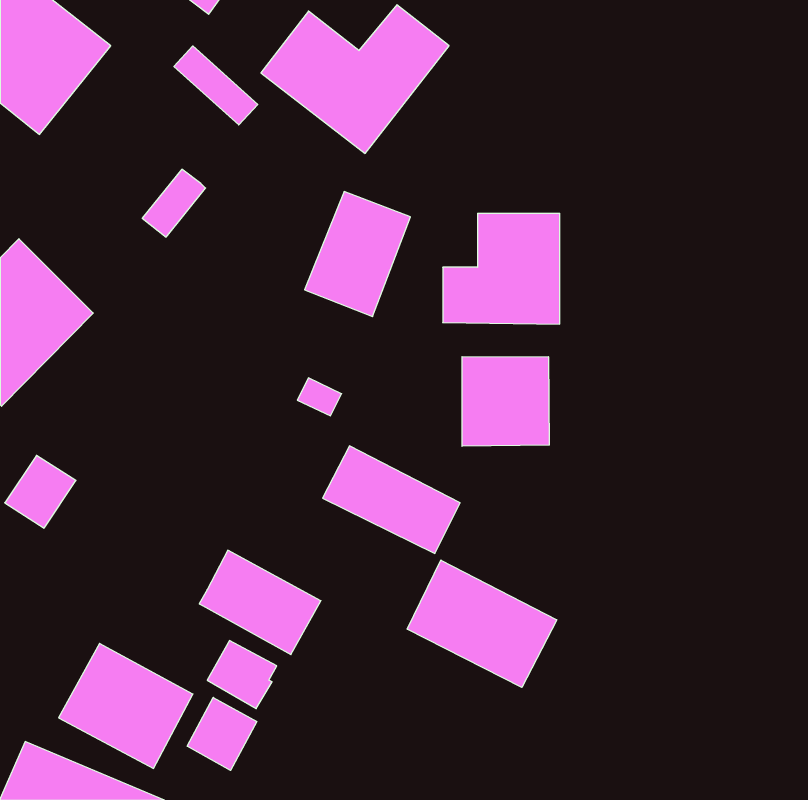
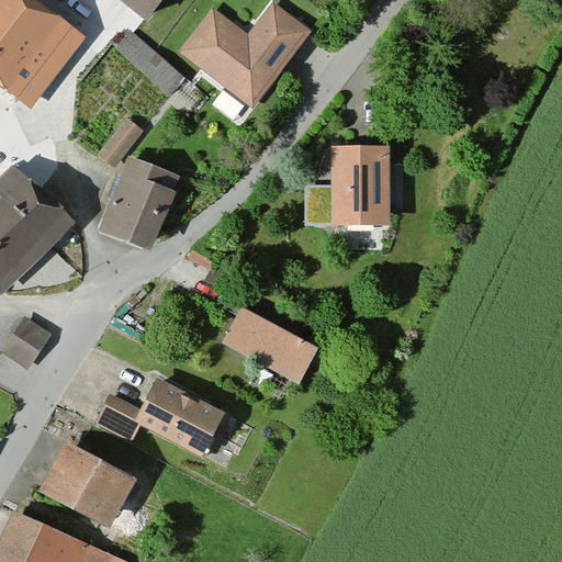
building: [305,192,410,317] -> [103,156,177,243]
building: [462,357,549,446] -> none
building: [407,560,557,687] -> none
building: [207,641,277,709] -> [95,392,144,439]
building: [187,697,257,770] -> none

